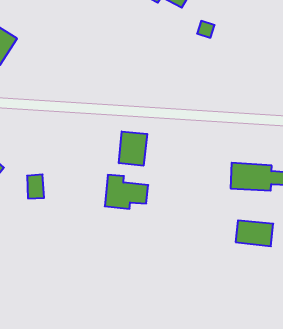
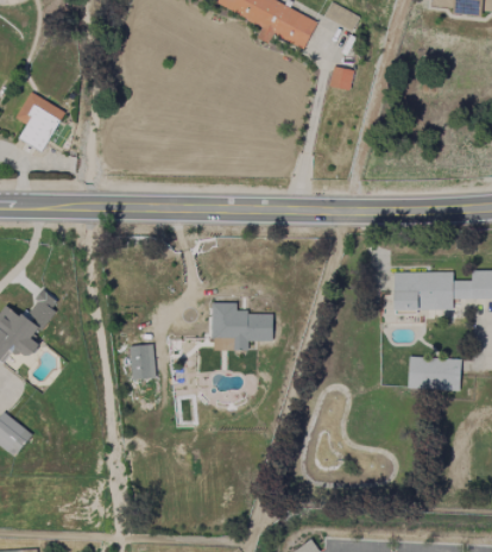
building: [119,131,147,166] -> none
building: [27,174,44,198] -> [130,344,157,381]

